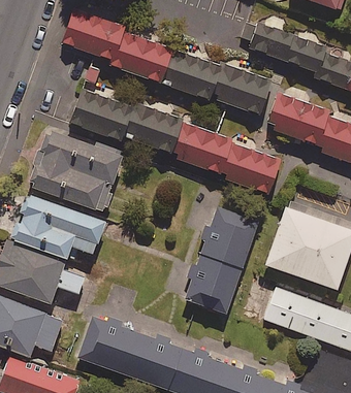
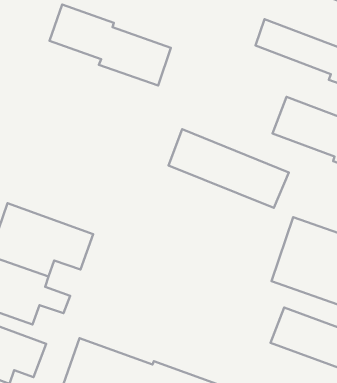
building: [164,53,274,118] -> none
building: [72,93,186,159] -> none
building: [31,130,122,209] -> none
building: [184,207,258,312] -> none

